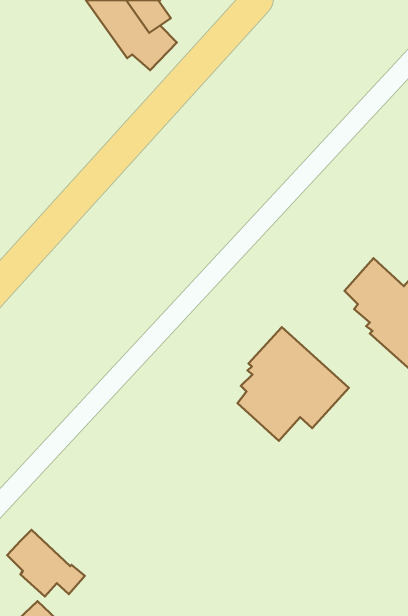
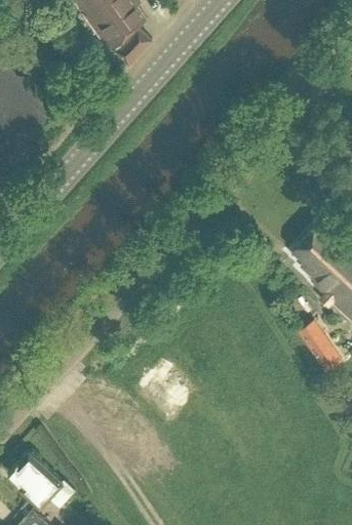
building: [237,327,349,441] -> none
building: none -> [308,333,341,370]

